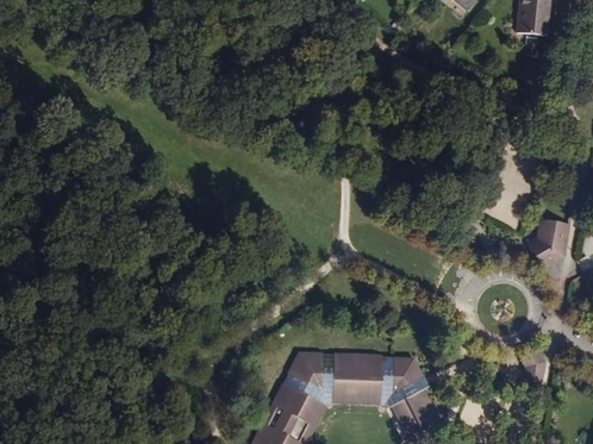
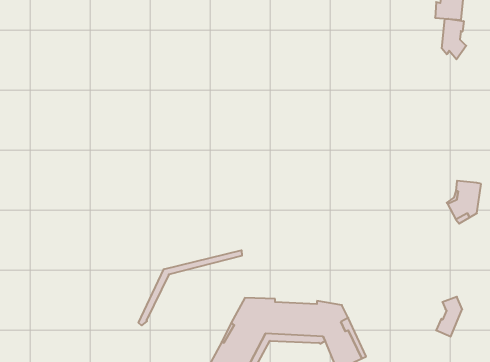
building: none -> [442,19,466,59]
building: none -> [139,250,242,325]

